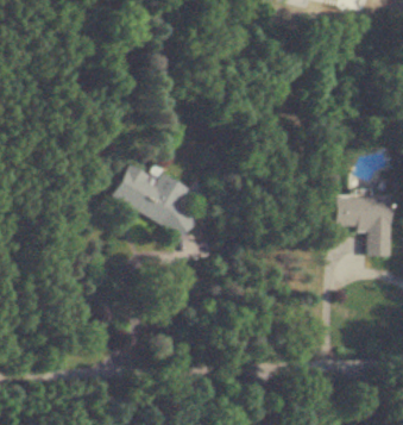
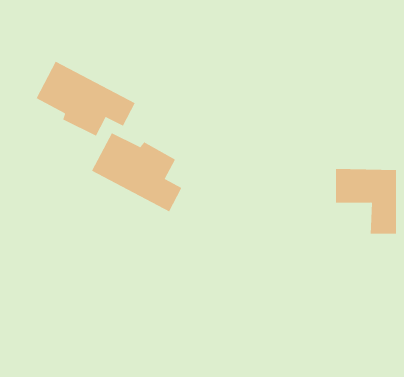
building: none -> [36,61,136,137]

